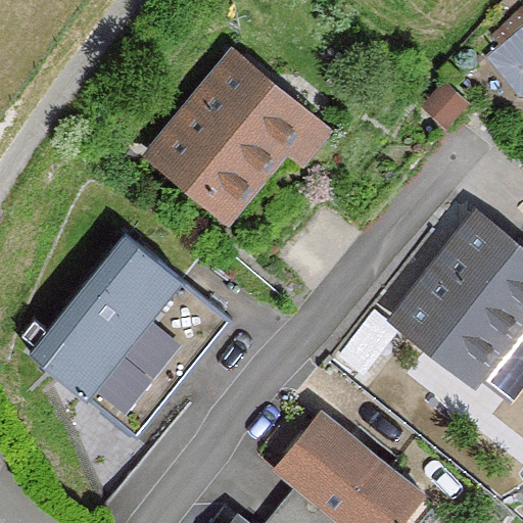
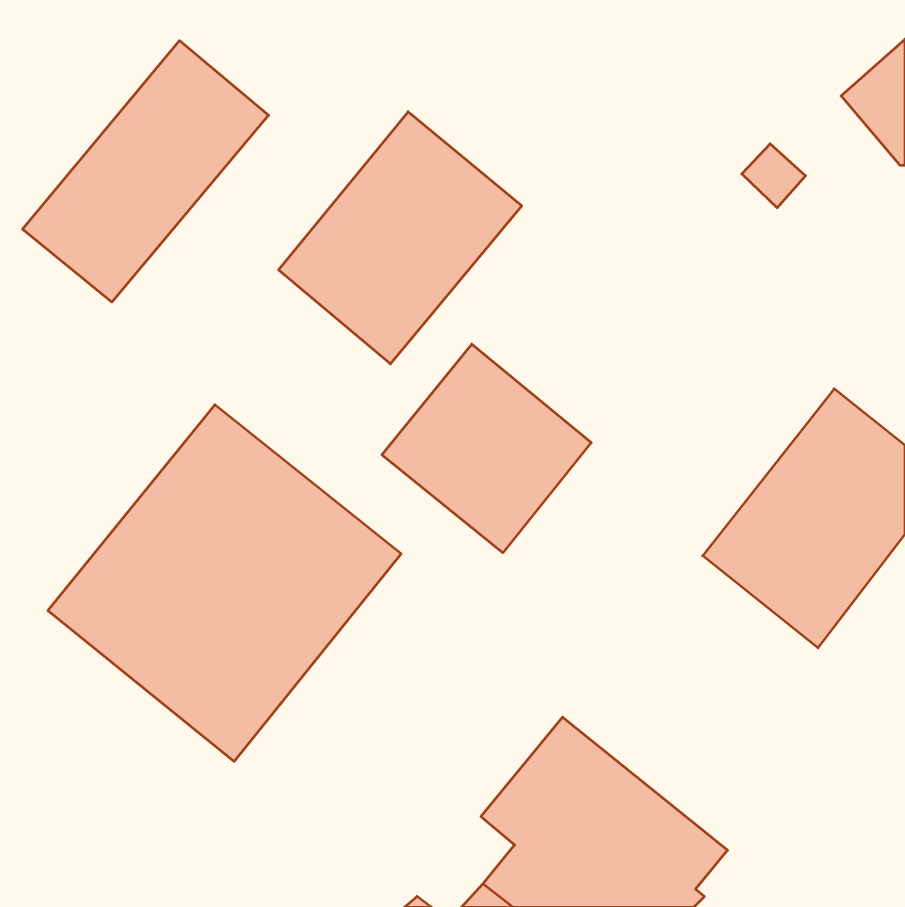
building: none -> [23,41,269,302]
building: none -> [382,344,591,553]

